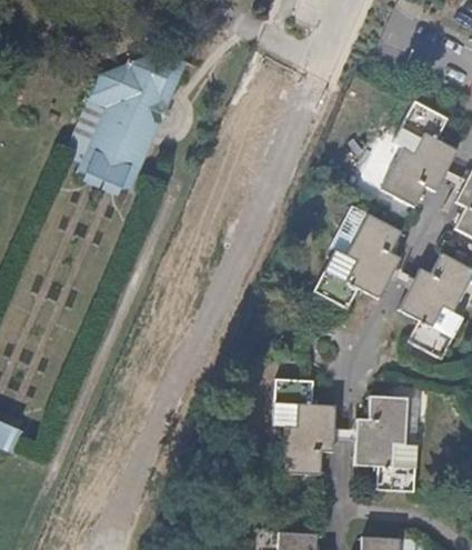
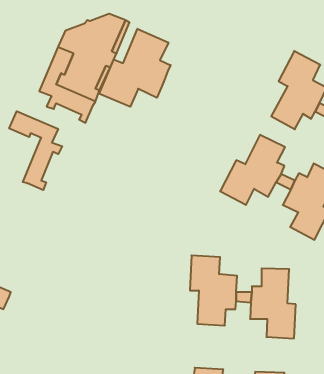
building: none -> [99,29,171,107]
building: none -> [9,111,62,190]

